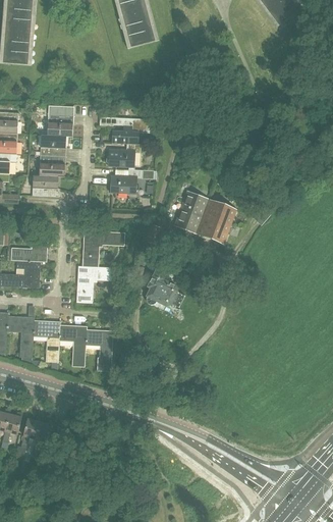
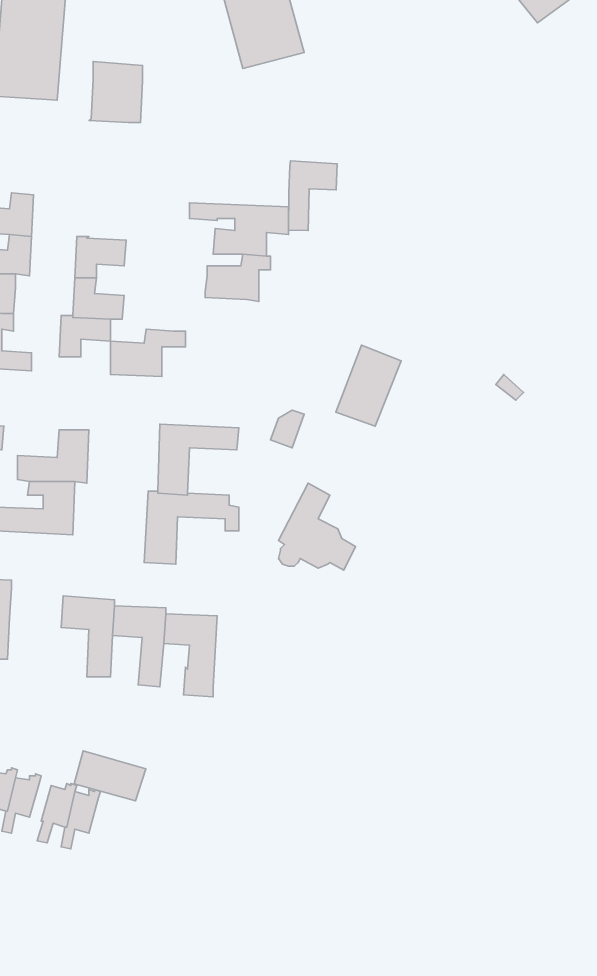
building: none -> [288,161,337,230]
building: [46,104,73,136] -> [89,61,142,123]
building: [110,168,149,193] -> [110,329,186,377]
building: [195,198,235,243] -> none
building: [6,315,34,357] -> none
building: none -> [74,751,146,801]

